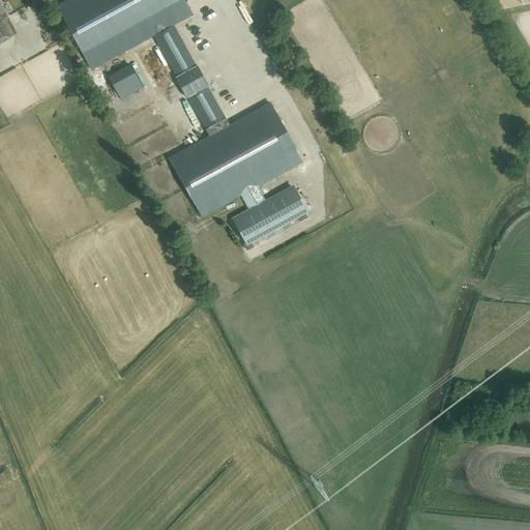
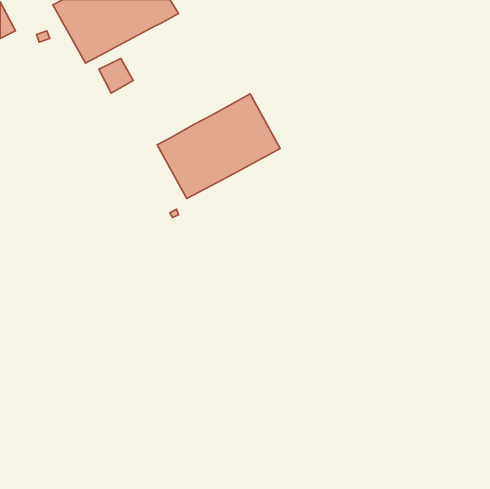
building: [154,25,229,135] -> none
building: [234,185,307,249] -> none

